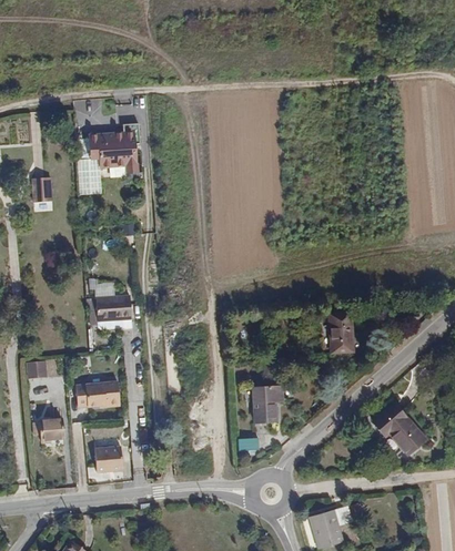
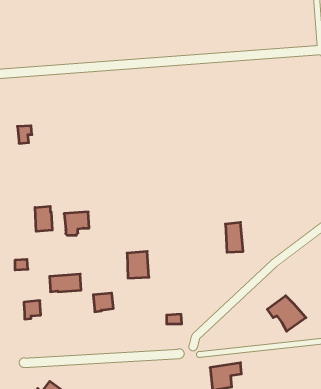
building: [90,124,142,167] -> none
building: none -> [35,206,52,231]
building: [244,388,274,425] -> [127,251,149,278]
building: [97,447,124,472] -> [93,293,113,312]

